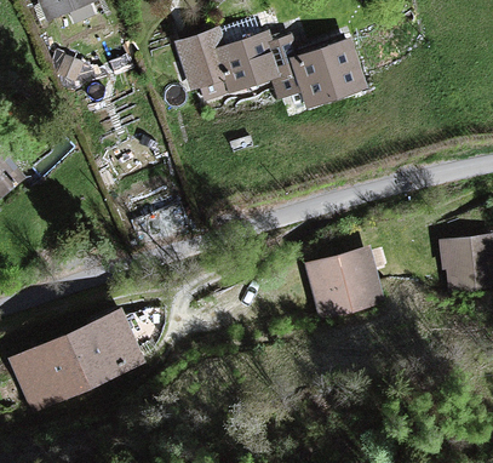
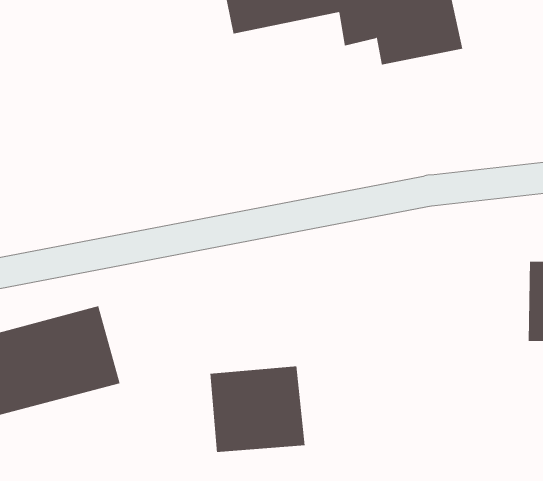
building: [304,250,382,321] -> [210,366,306,453]

